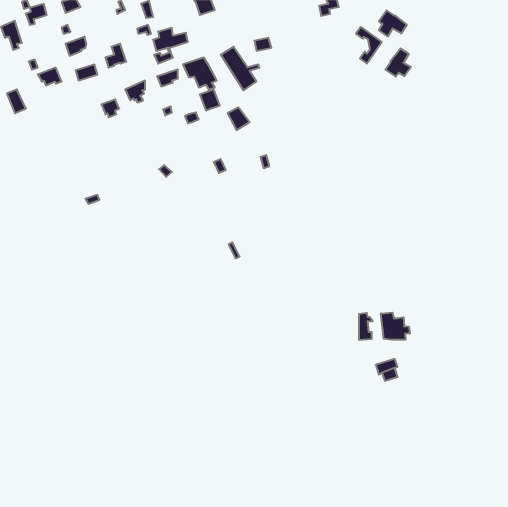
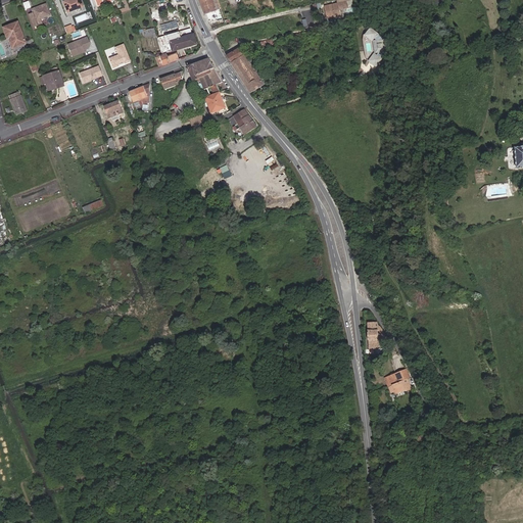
building: [379,10,407,36] -> none
building: [385,48,411,77] -> none
building: [381,313,410,340] -> none

